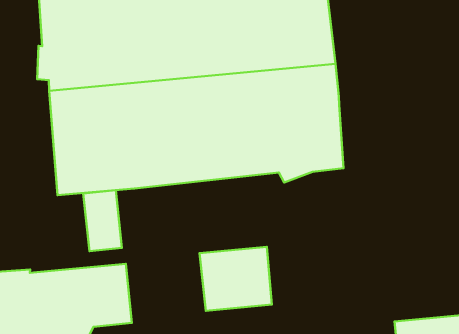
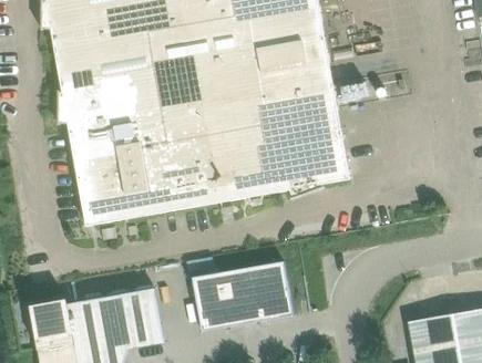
building: [83,190,122,251] -> [193,272,233,331]

